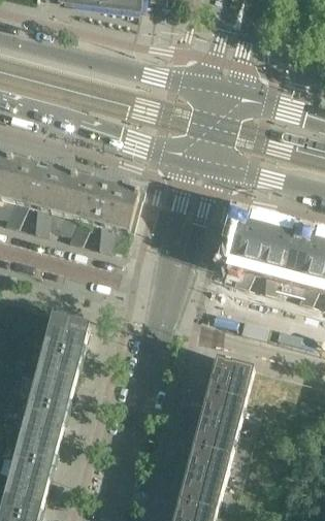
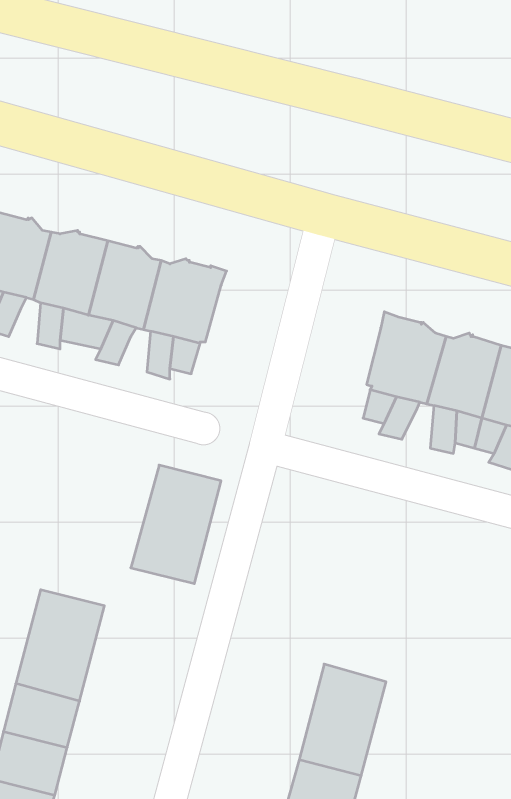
building: [34,316,87,385] -> [131,465,221,584]
building: [199,359,252,429] -> none

